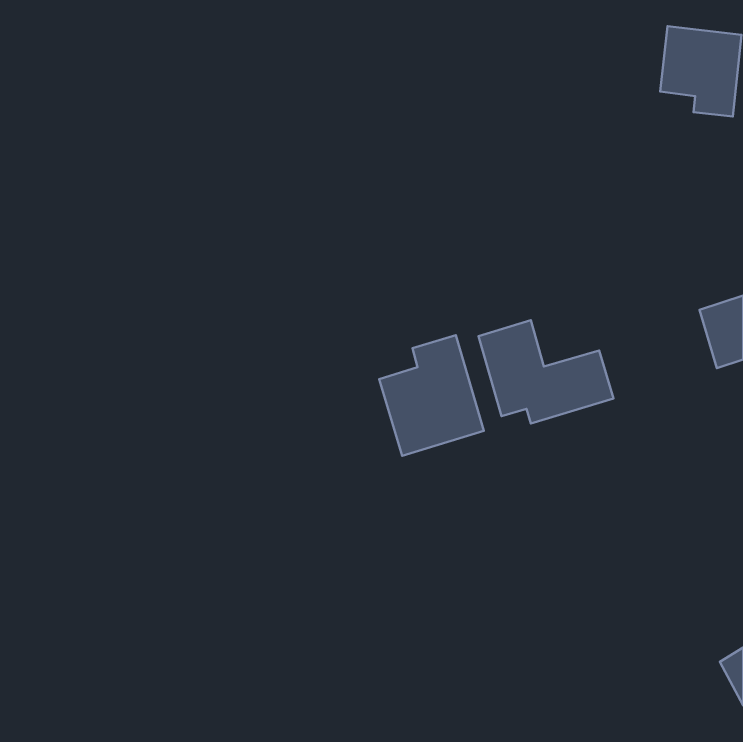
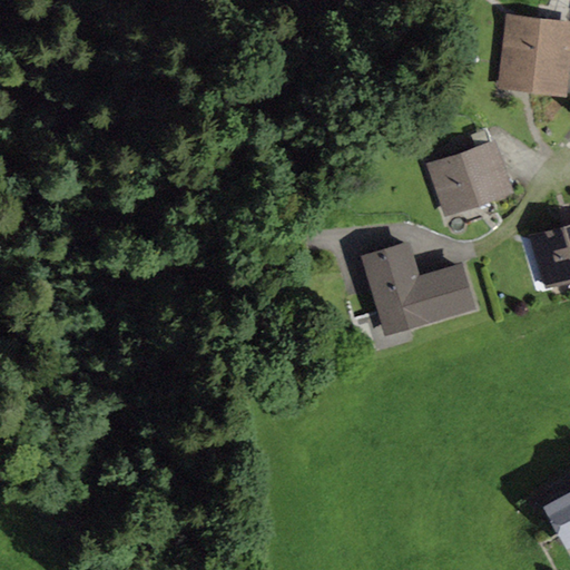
building: none -> [432,146,507,210]
building: [379,335,484,456] -> none

